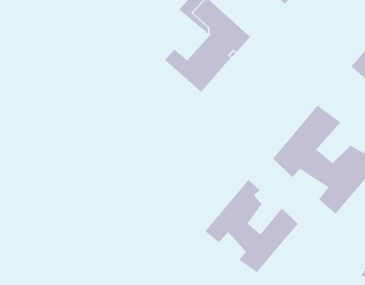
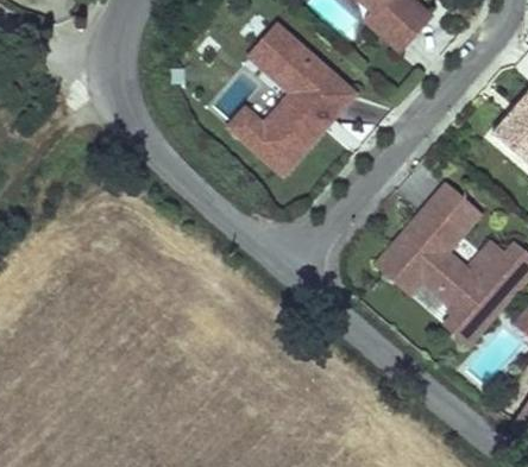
building: [205,179,299,273] -> none

